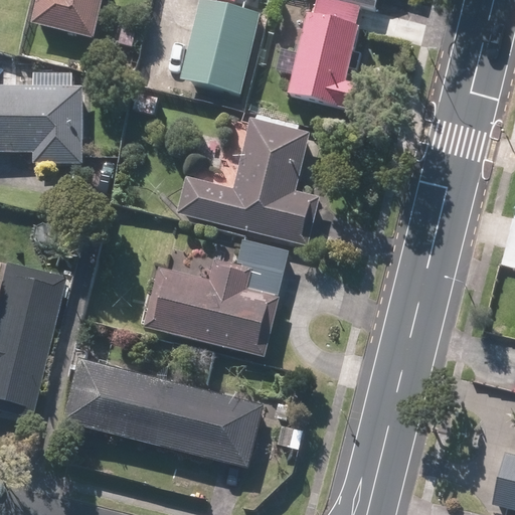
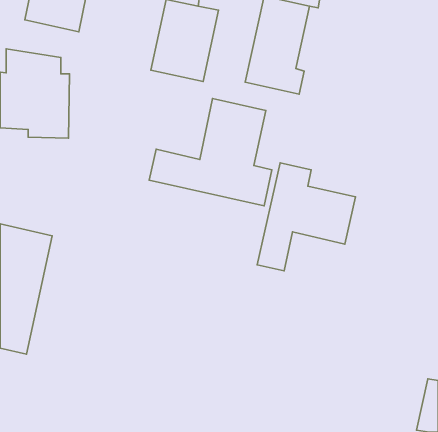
building: none -> [257,163,355,271]
building: [140,240,292,357] -> none
building: [61,355,262,468] -> none

